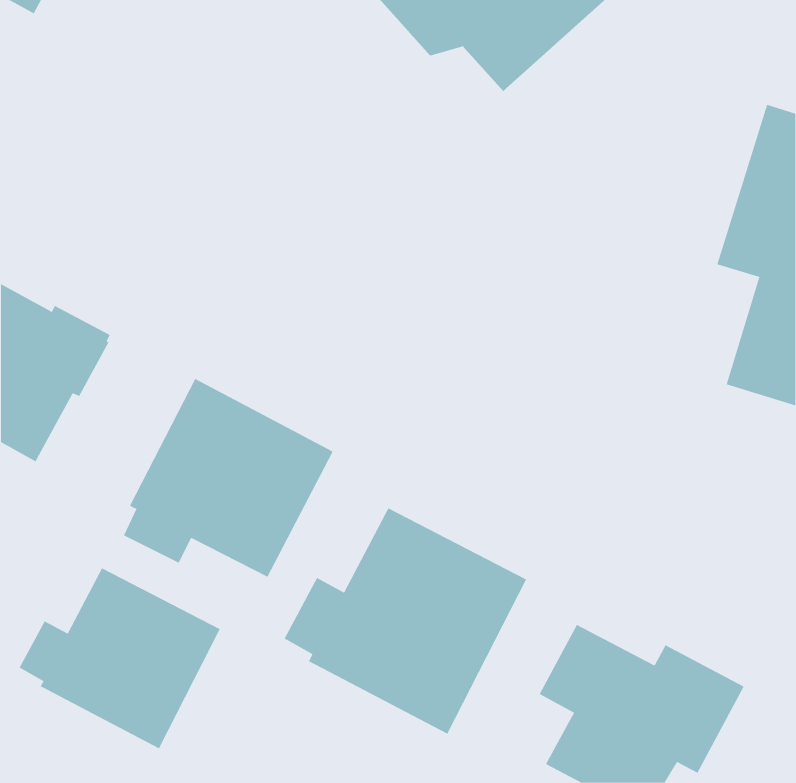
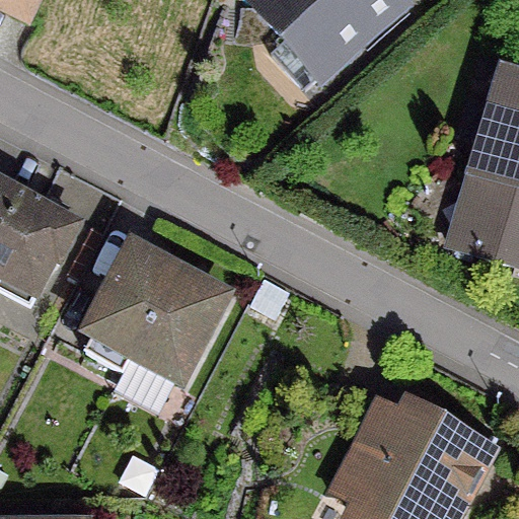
building: [284,507,527,735] -> none
building: [19,568,220,749] -> none

